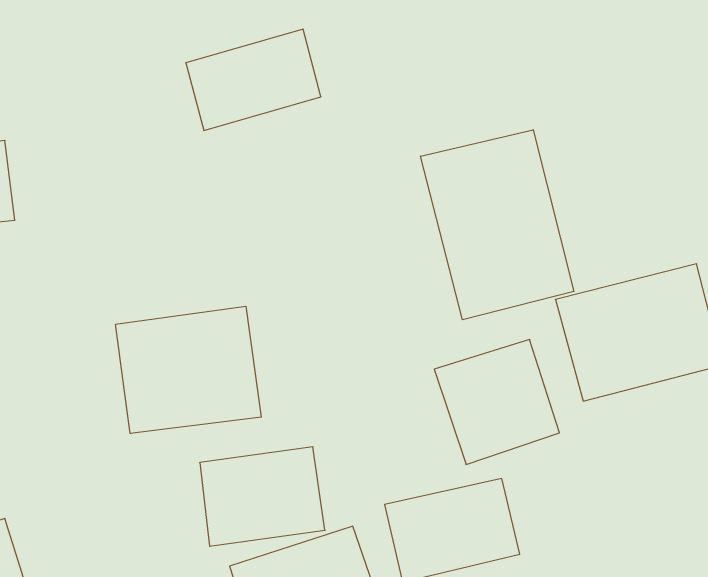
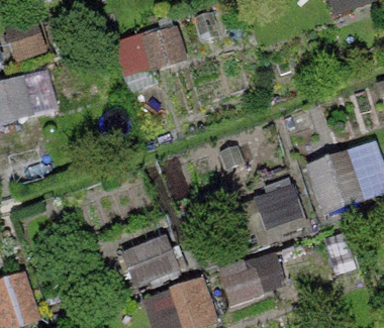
building: [421,130,574,320] -> none
building: [116,306,261,434] -> none

